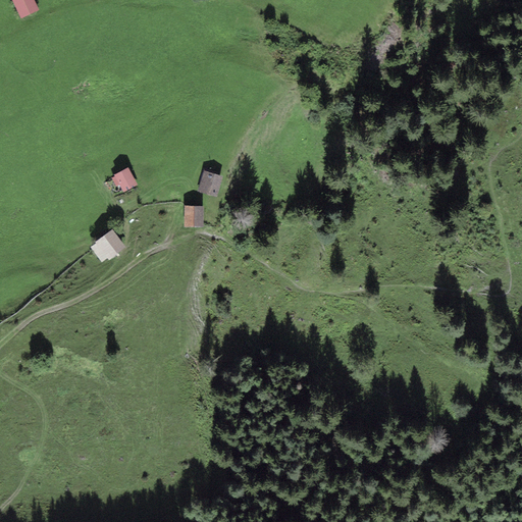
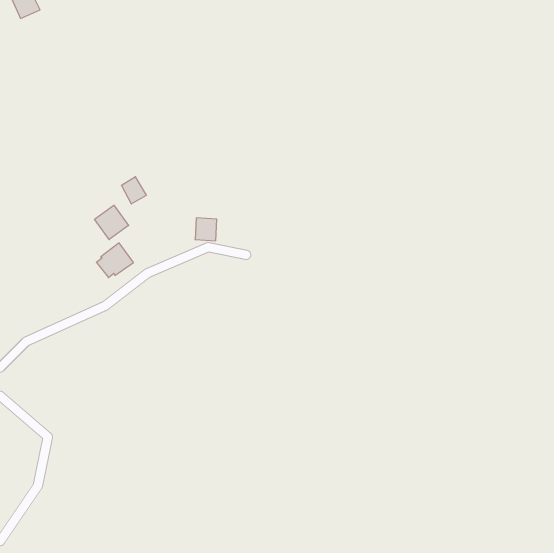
building: [198,170,222,196] -> none
building: none -> [95,205,129,240]

